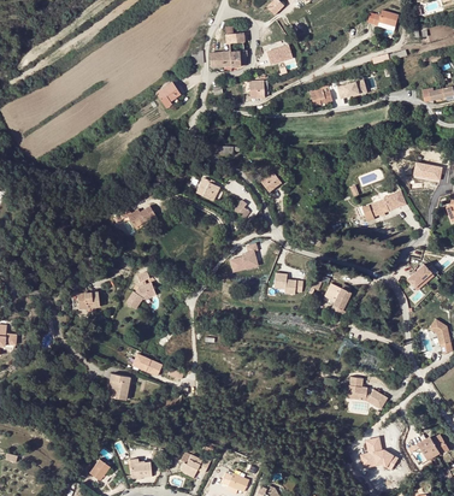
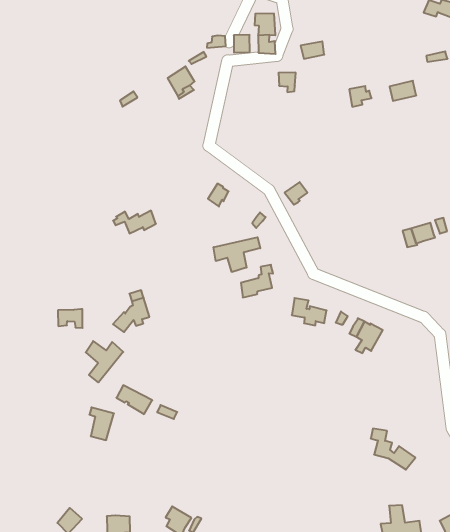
building: none -> [214,237,260,272]
building: none -> [86,341,123,382]

